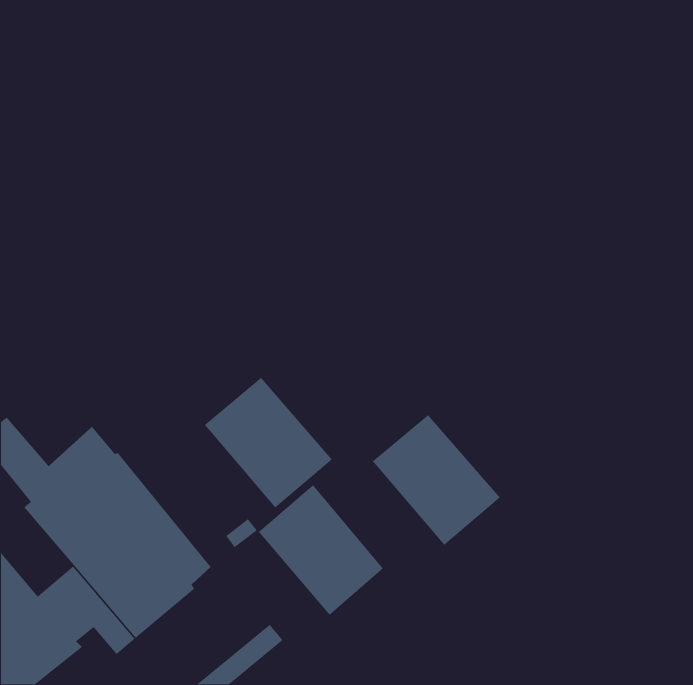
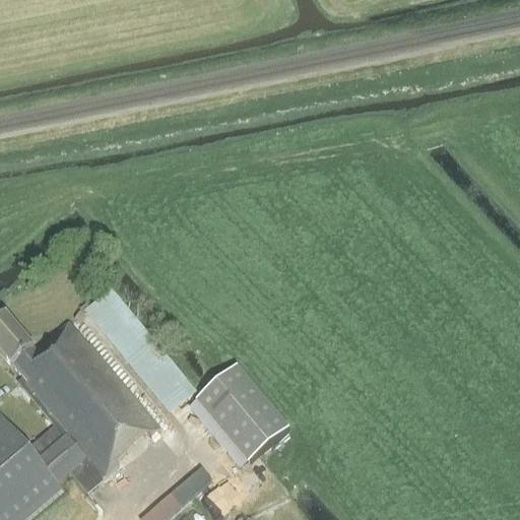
building: [204,377,333,509] -> none
building: [372,414,501,546] -> none

